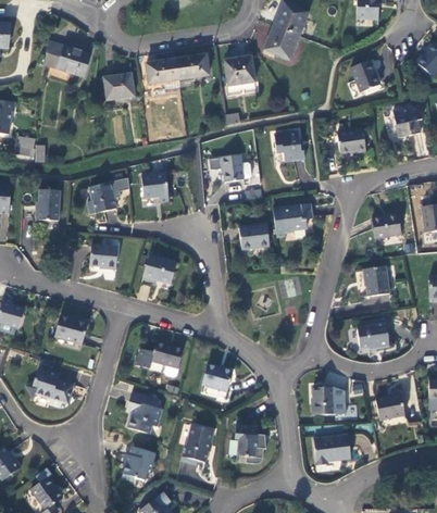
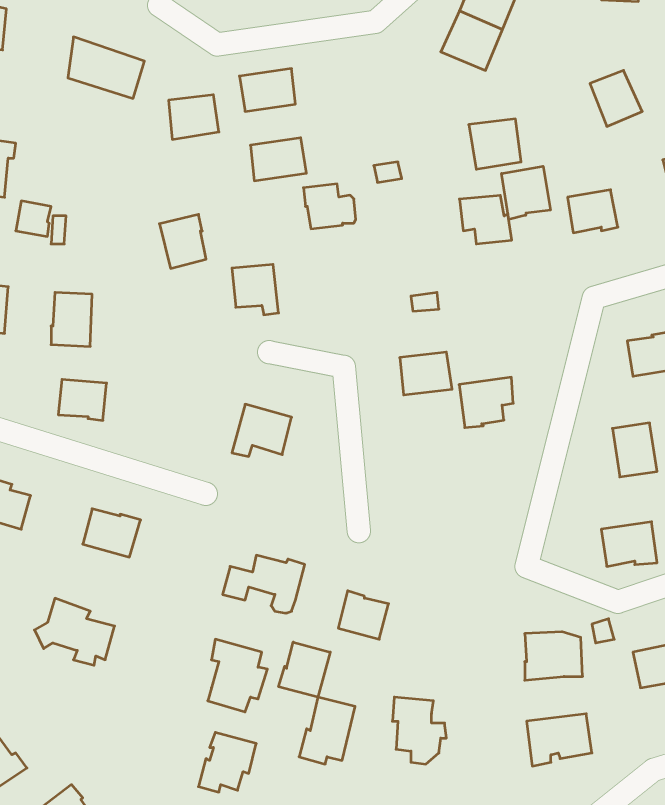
building: [176,54,209,79] -> [250,138,306,181]
building: [224,57,254,86] -> [469,119,521,169]
building: none -> [502,166,550,219]
building: [221,155,251,182] -> [303,184,356,229]
building: [89,182,116,213] -> [159,214,206,268]
building: [280,203,312,233] -> [459,377,513,428]
building: [89,245,117,268] -> [58,379,107,420]
building: none -> [279,642,330,697]

